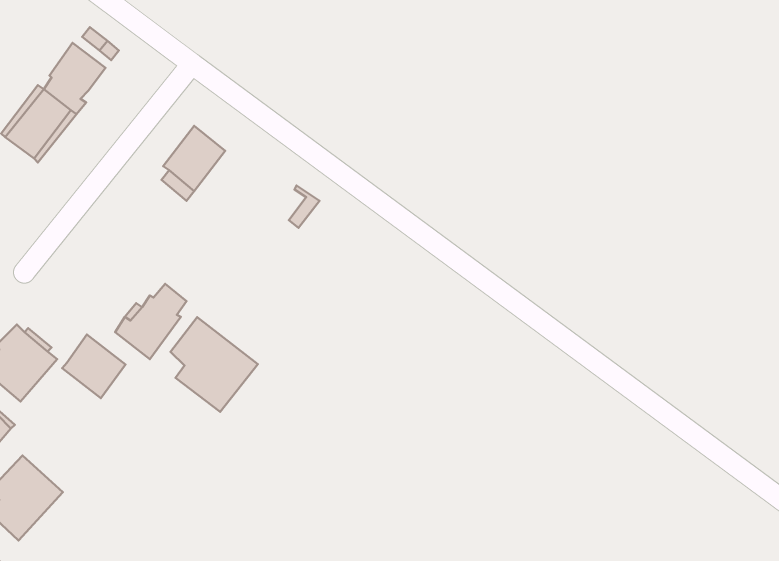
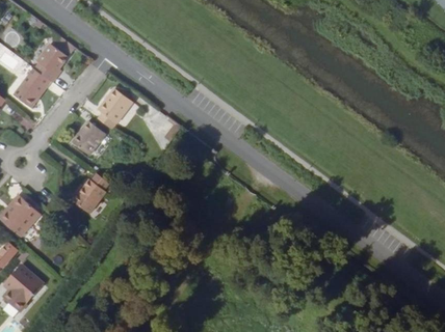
building: none -> [74,121,106,155]
building: [171,317,258,412] -> none
building: [62,334,126,398] -> none

